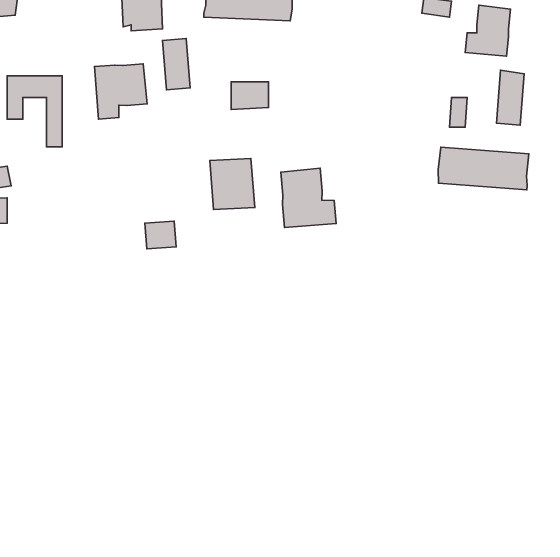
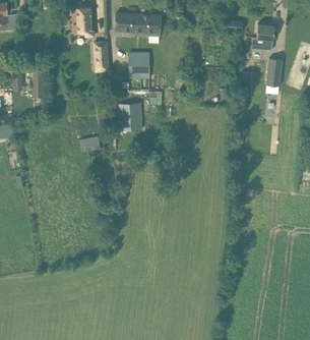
building: [94,64,147,119] -> none
building: [438,147,529,190] -> none
building: [281,168,336,227] -> none

